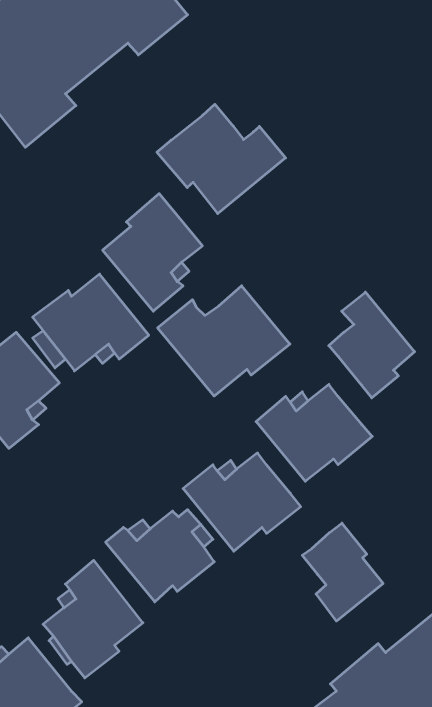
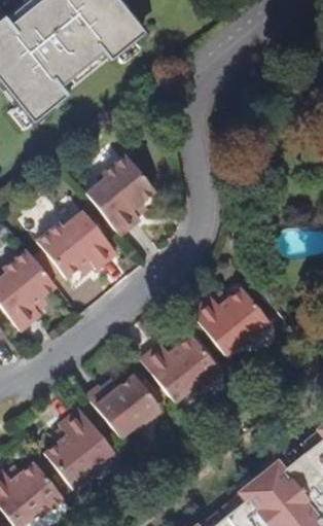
building: [157,104,286,214] -> none
building: [158,286,290,396] -> none
building: [329,292,415,398] -> none
building: [302,523,383,621] -> none

